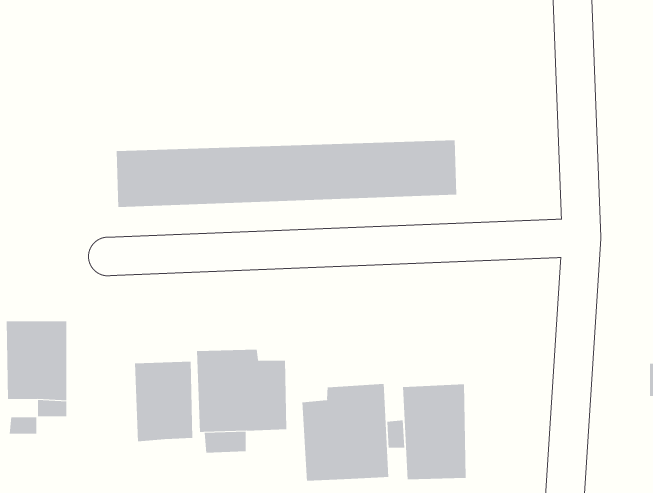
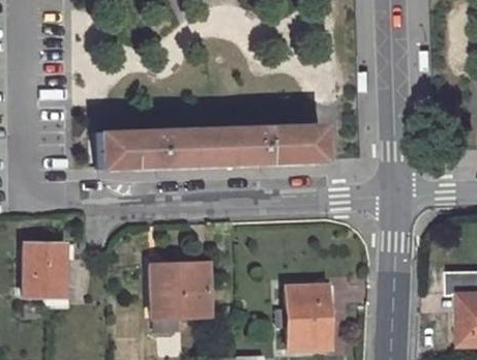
building: [135,361,193,442] -> none
building: [302,383,389,482] -> none

